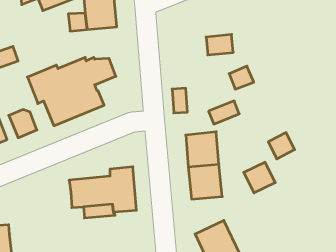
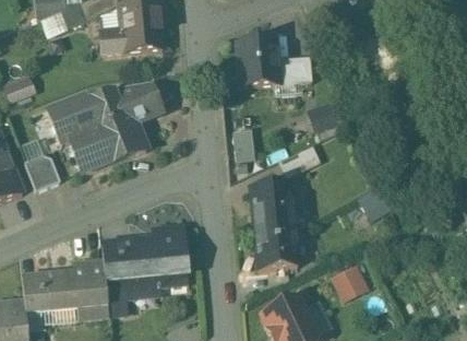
building: none -> [237,39,279,86]
building: [244,162,275,193] -> [328,259,369,298]
building: none -> [22,259,108,317]

